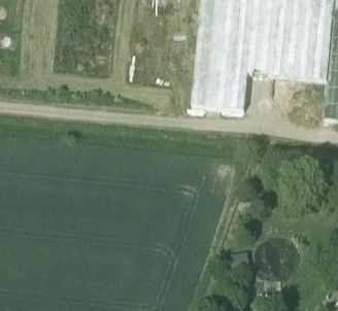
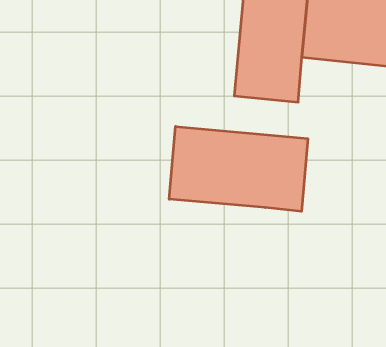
building: none -> [169,126,308,211]

